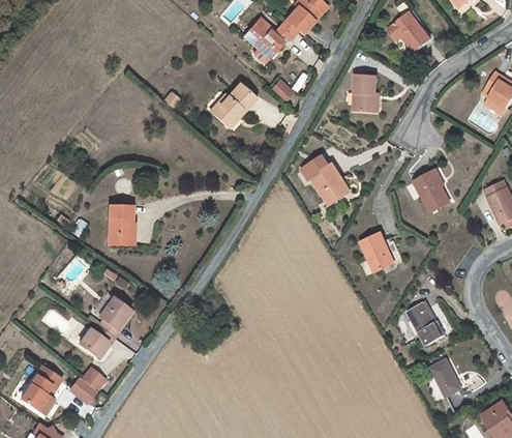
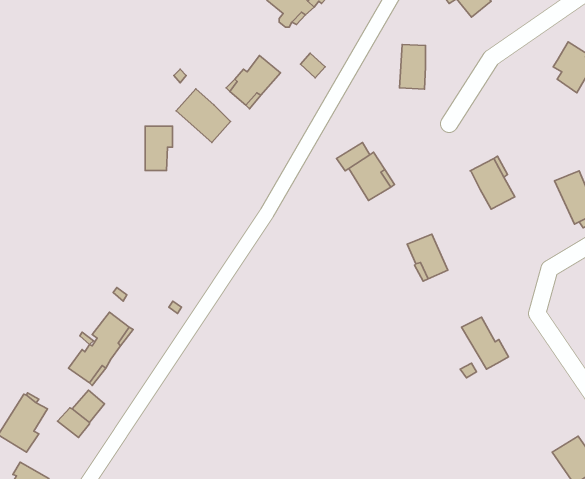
building: none -> [176,89,231,143]
building: [109,207,131,244] -> [145,126,173,171]
building: [430,359,462,405] -> none

